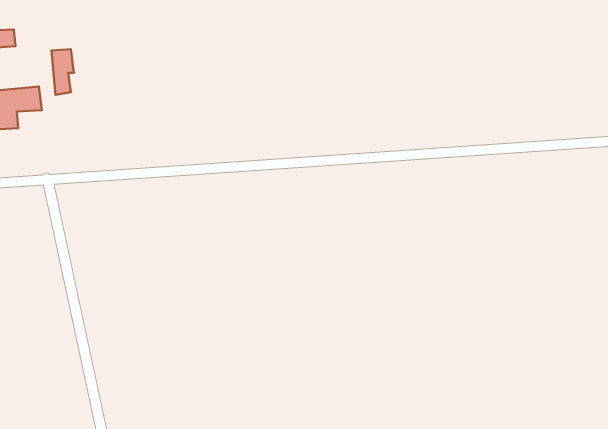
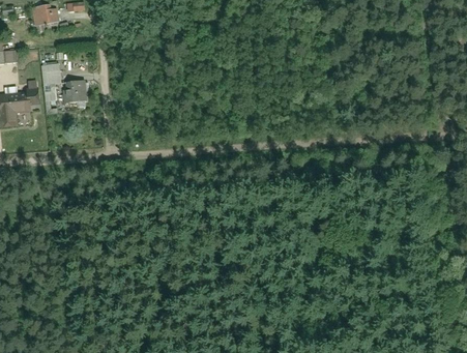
building: none -> [64,79,89,102]

